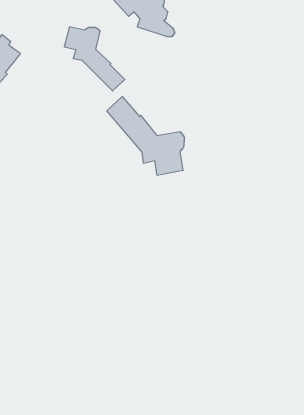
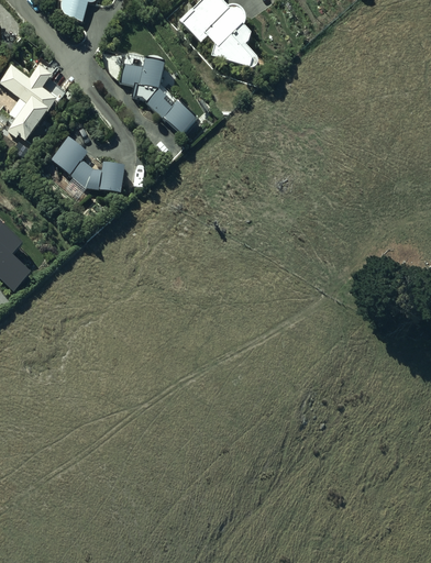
building: none -> [52,135,125,187]
building: [107,96,184,175] -> none

